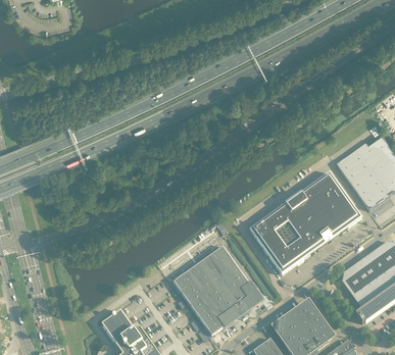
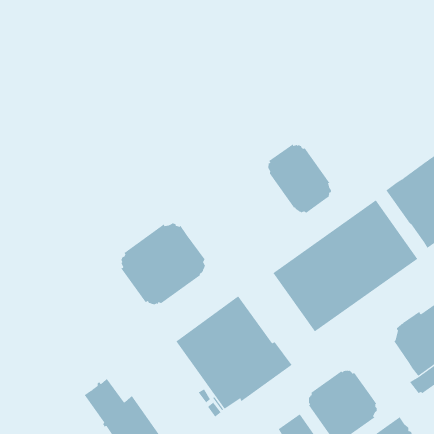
building: none -> [268,143,332,213]
building: none -> [121,223,206,305]

